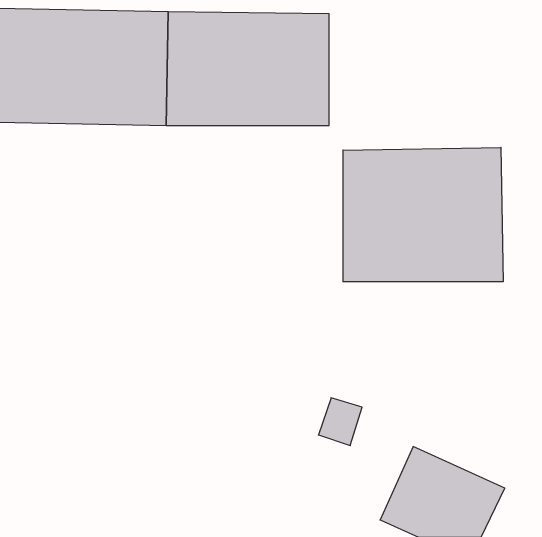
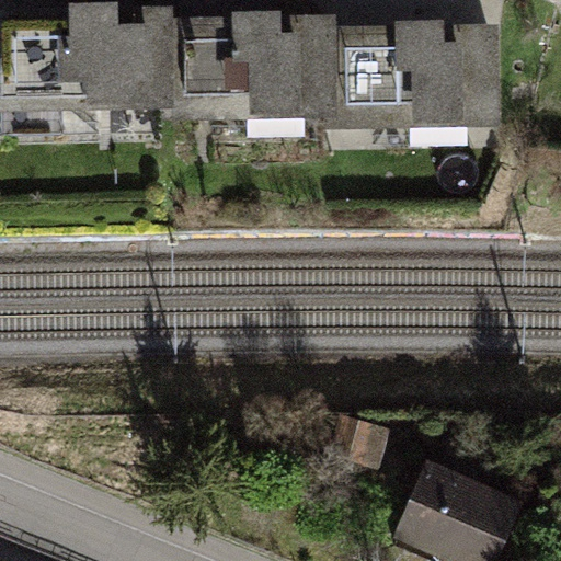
building: none -> [339,14,499,129]
building: [343,147,503,282] -> none

